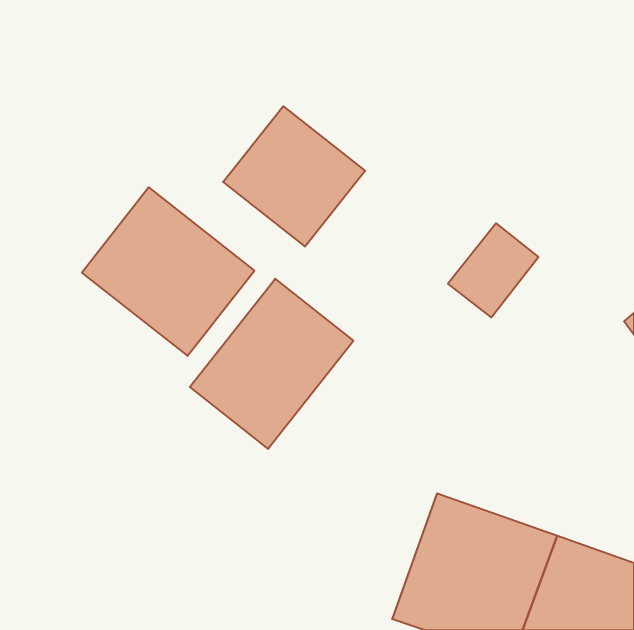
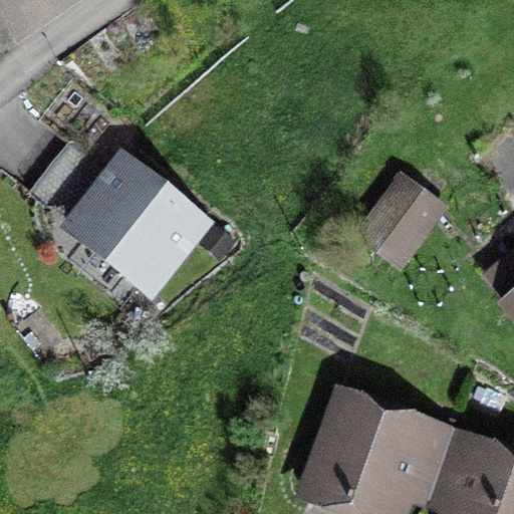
building: [223,106,365,247] -> none
building: [190,279,353,449] -> none

